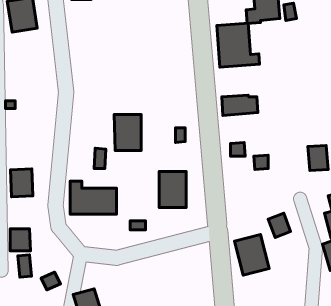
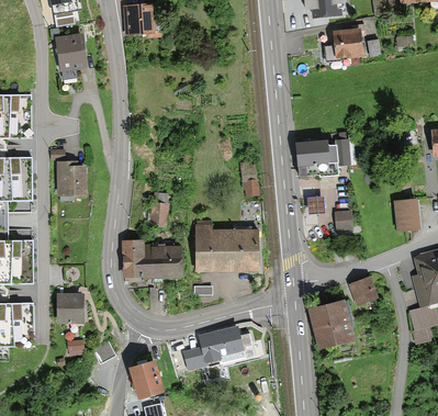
building: [217,23,260,67] -> none
building: [114,115,141,150] -> [195,228,226,269]
building: [10,169,33,197] -> [57,164,82,195]
building: none -> [183,328,242,367]

